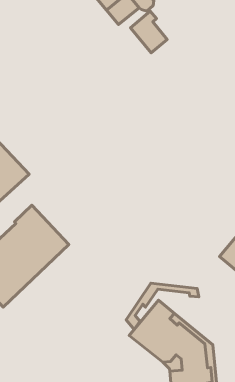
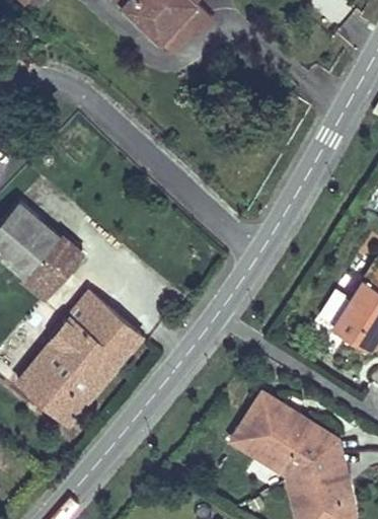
building: [130,11,167,53] -> none
building: [126,283,199,329] -> none

